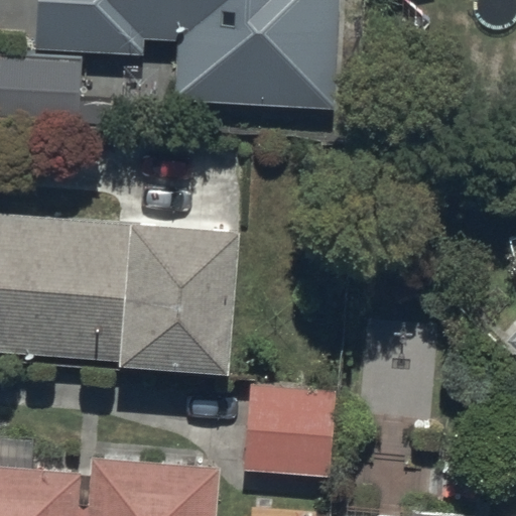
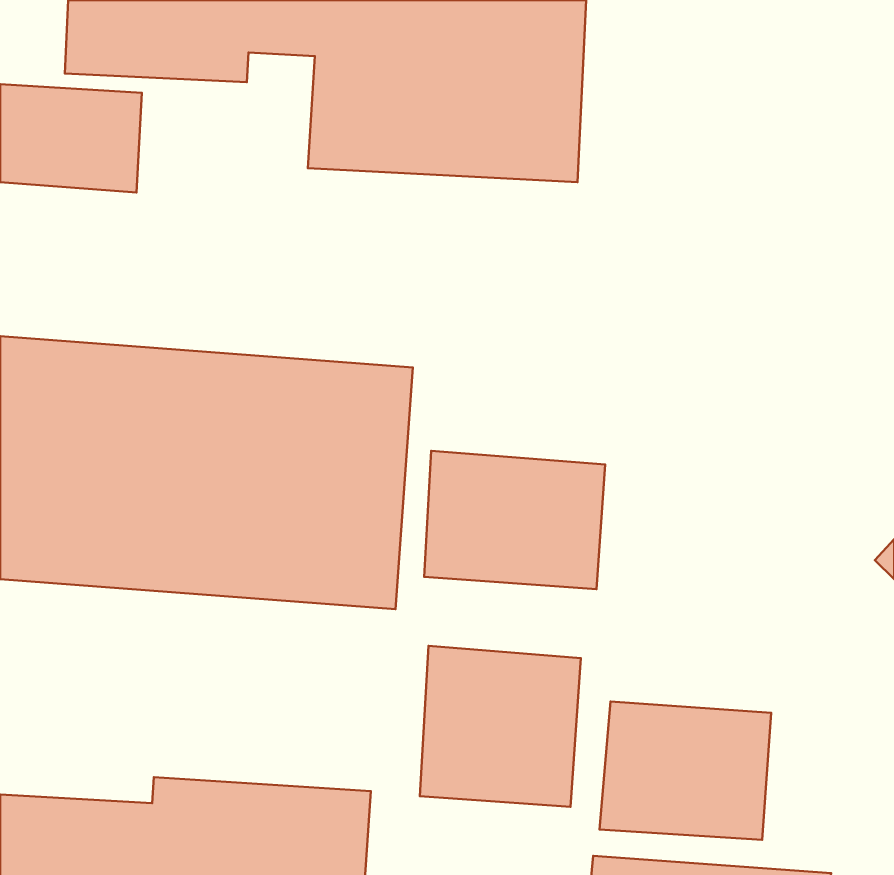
building: none -> [424,451,605,589]
building: none -> [599,701,771,840]

